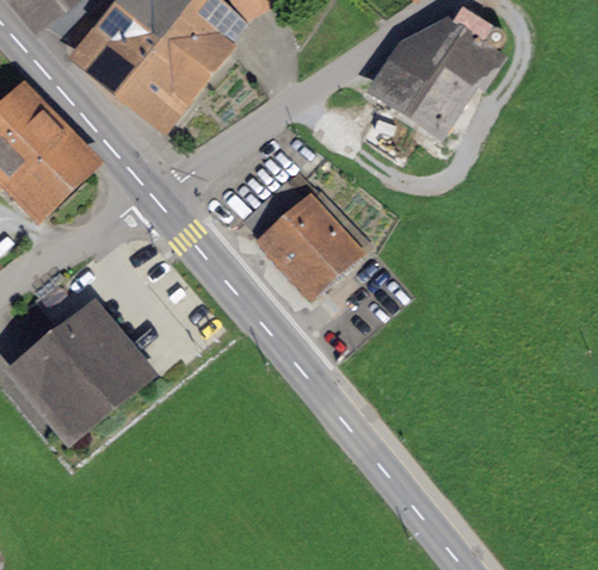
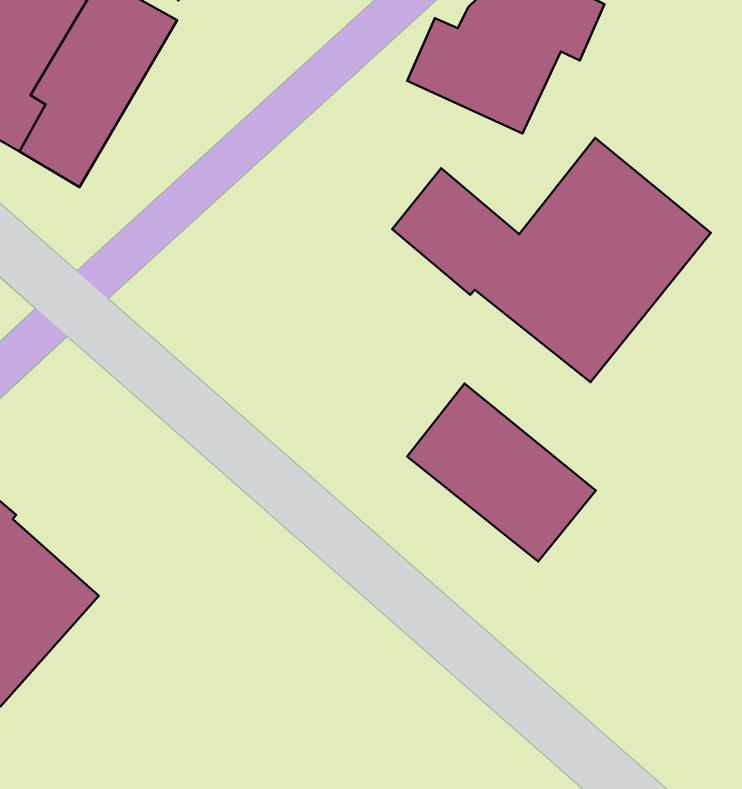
building: none -> [392,138,711,382]
building: [247,182,359,298] -> [407,384,596,562]

